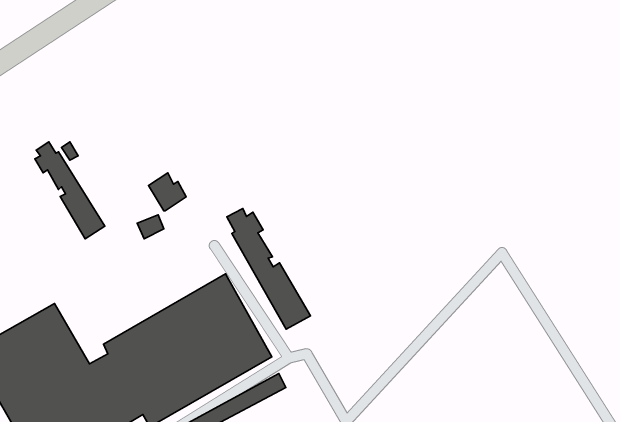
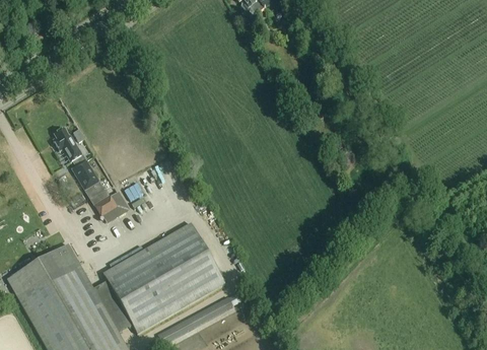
building: [148,173,186,211] -> [89,188,117,215]
building: [227,208,311,329] -> none

